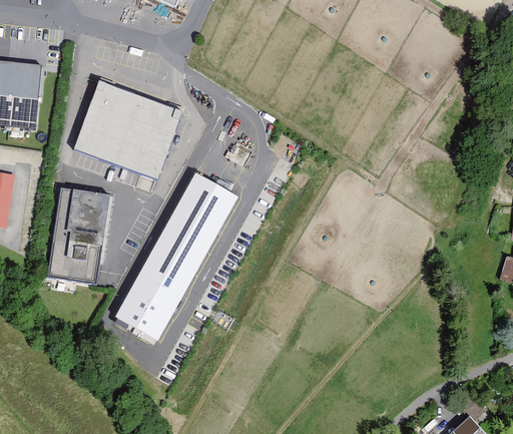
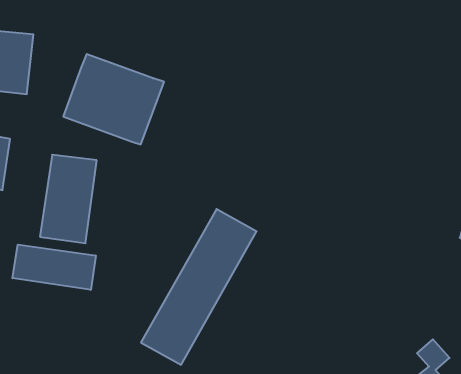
building: [114,170,238,338] -> [141,209,257,365]
building: none -> [12,245,96,290]

